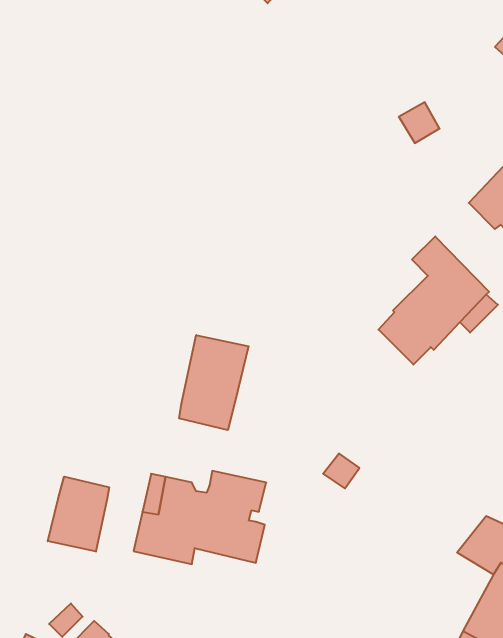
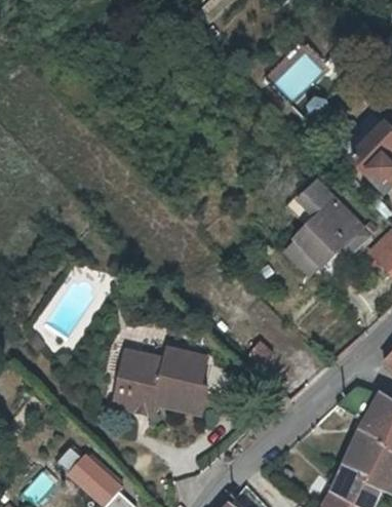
building: [179,335,249,430] -> none
building: [48,477,109,552] -> none

